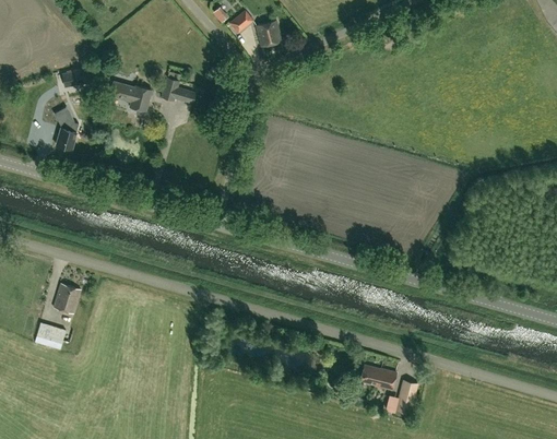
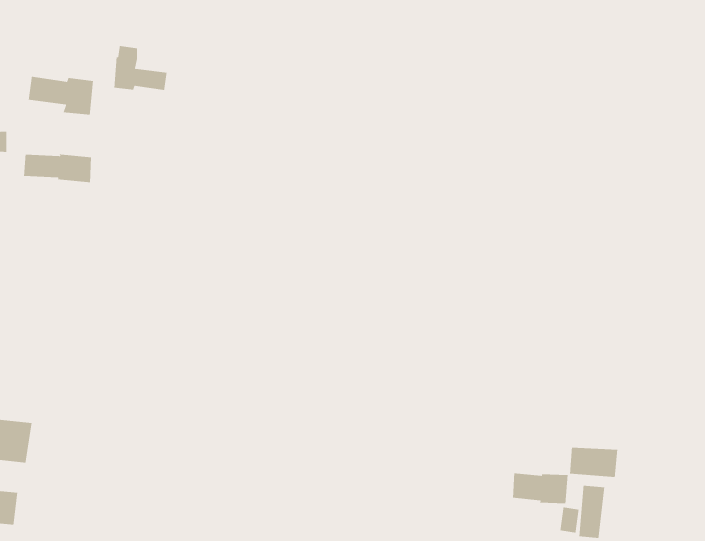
building: none -> [23,154,92,183]
building: none -> [569,447,618,478]

